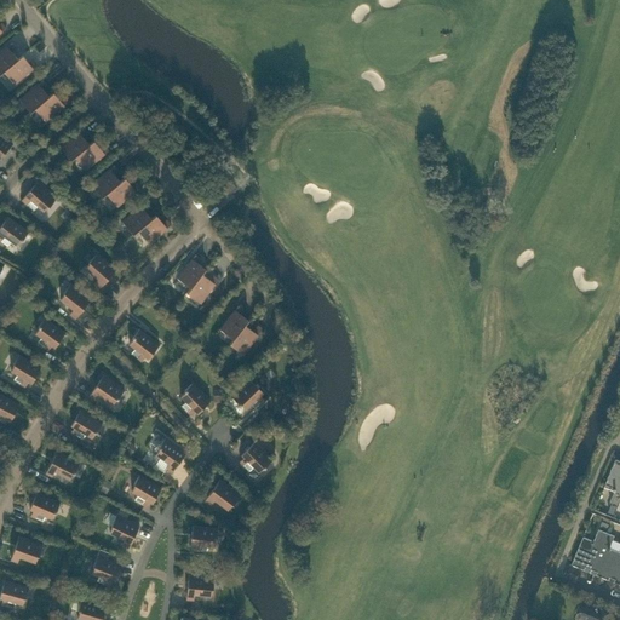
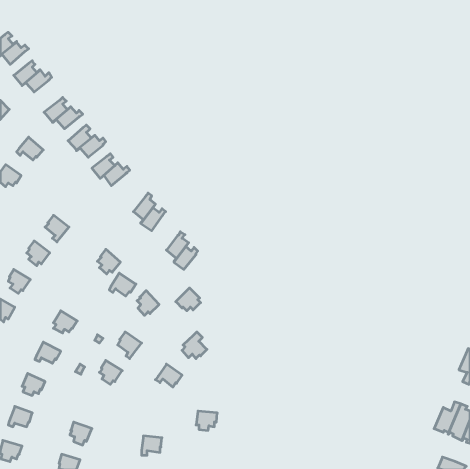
building: [85,253,116,289] -> none
building: [90,375,125,406] -> [109,273,136,296]
building: [109,509,139,549] -> none
building: [190,527,218,552] -> [196,411,217,430]

